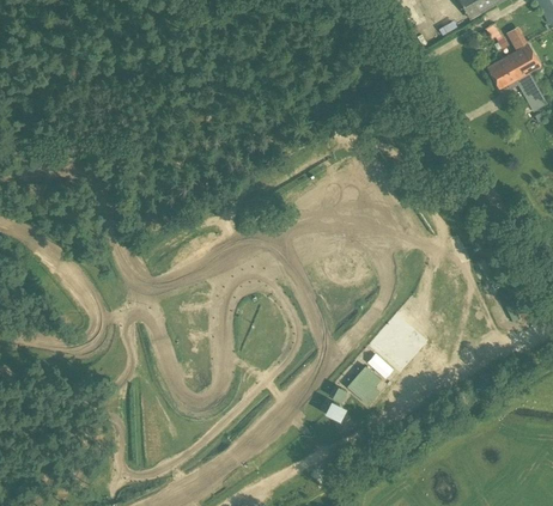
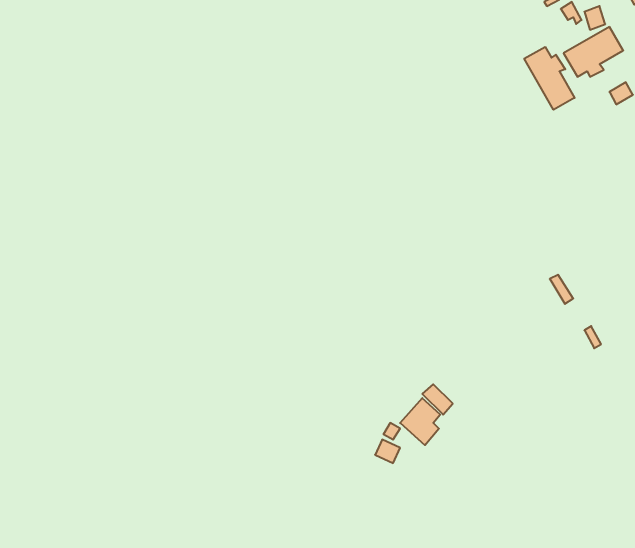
building: none -> [524,47,575,110]

